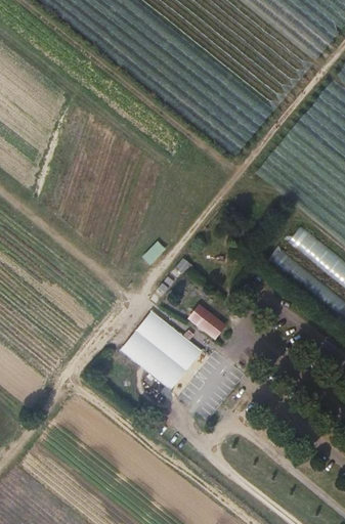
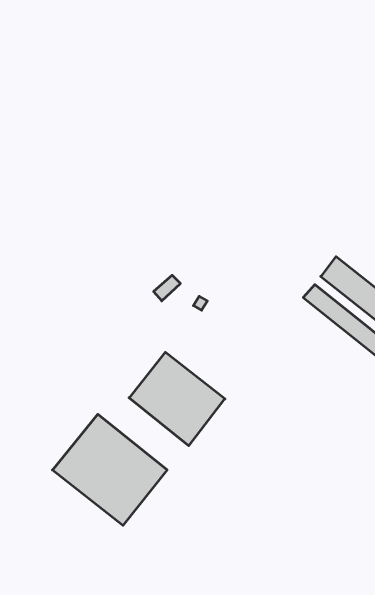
building: [187,304,227,341] -> none
building: none -> [52,414,167,525]

